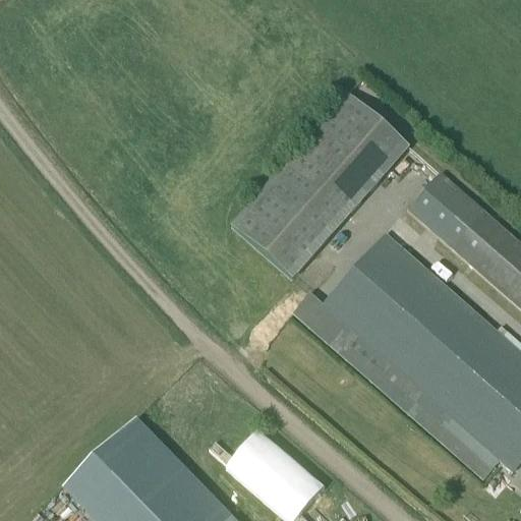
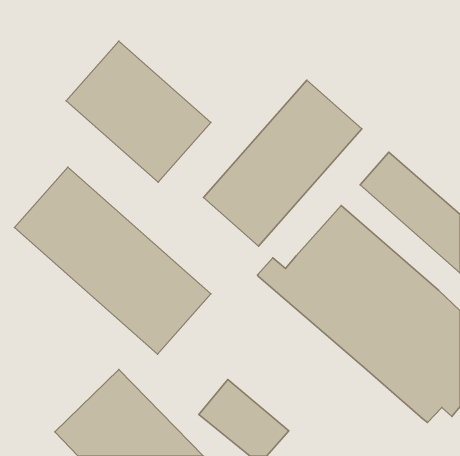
building: none -> [66,41,211,182]
building: none -> [15,167,211,354]

